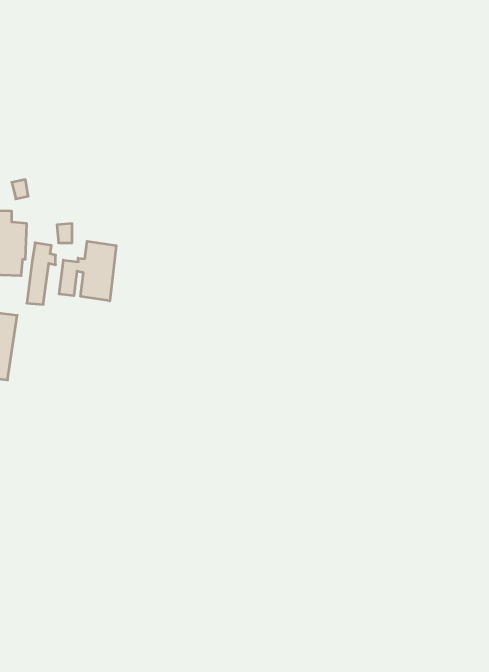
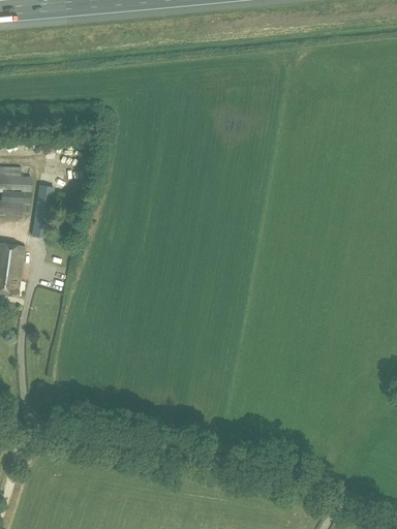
building: [59,241,116,301] -> none

